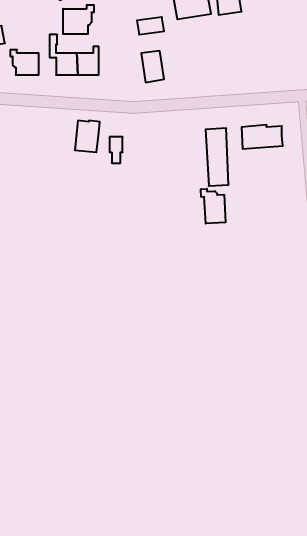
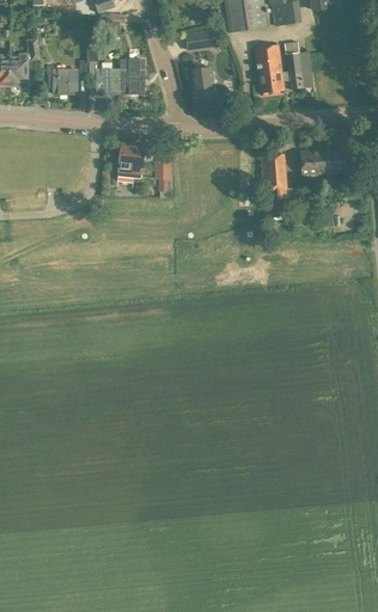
building: [63,5,94,34] -> none
building: none -> [255,41,313,92]
building: [201,189,226,224] -> none

